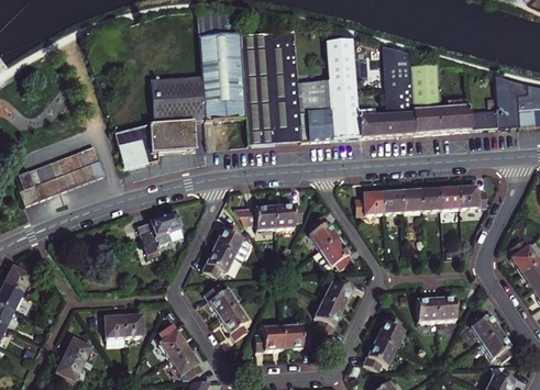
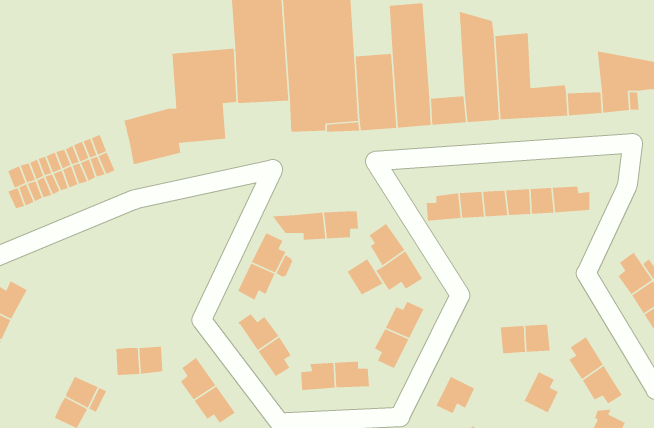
building: [137,212,183,256] -> none
building: none -> [346,258,383,296]
building: [375,314,404,348] -> [523,371,559,413]

